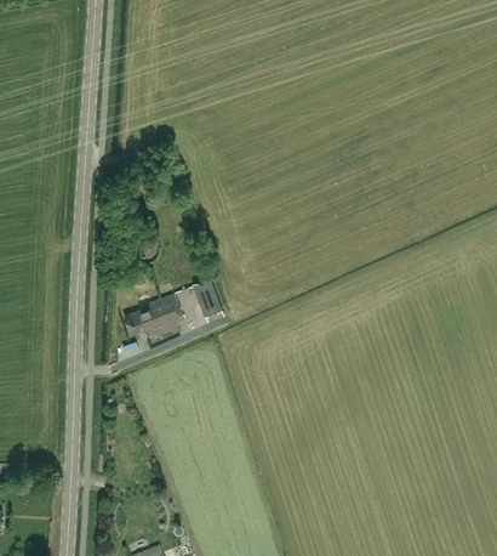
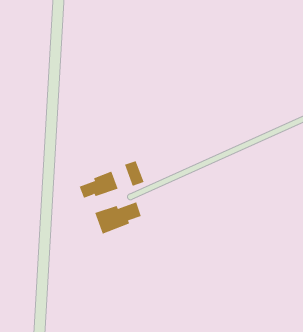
building: none -> [94,201,141,234]

